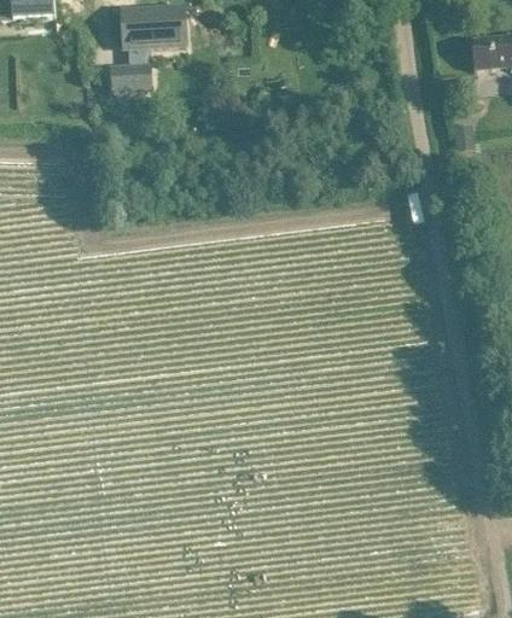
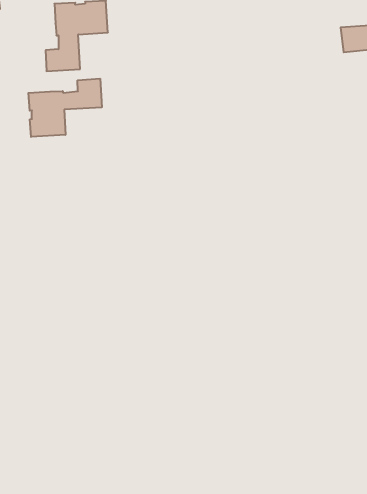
building: none -> [28,79,102,137]

